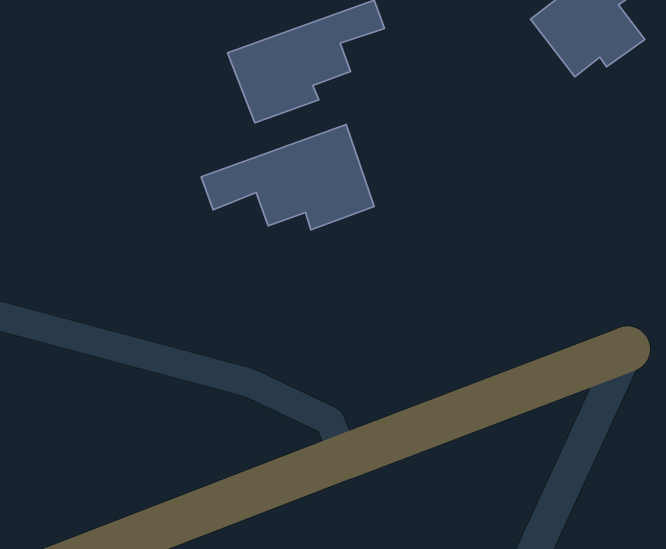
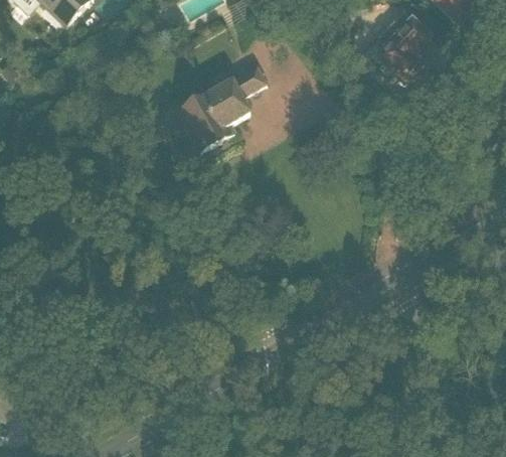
building: [201,124,374,230] -> none

